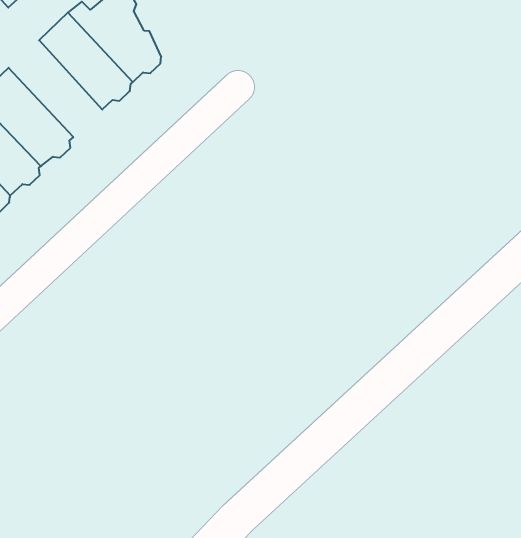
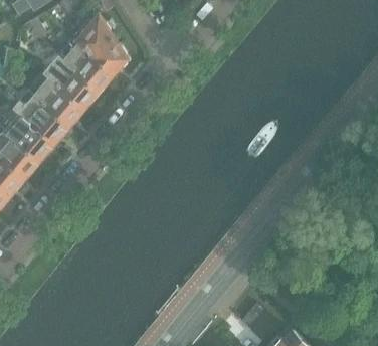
building: none -> [43,54,98,106]

